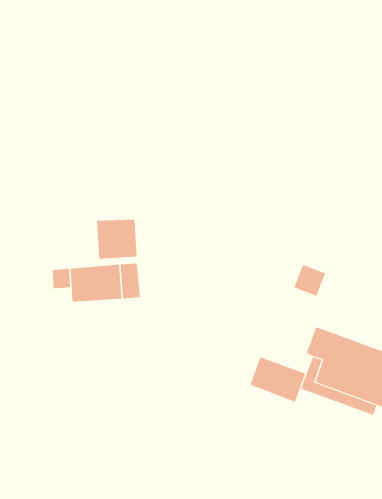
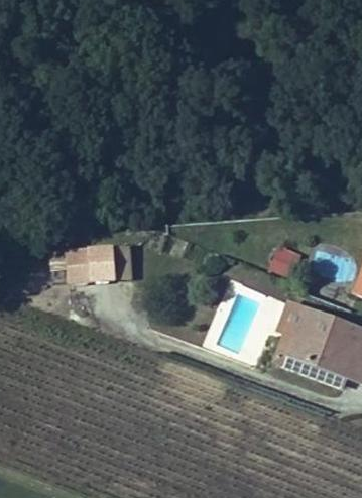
building: [96,219,137,260] -> none
building: [250,356,306,403] -> none

